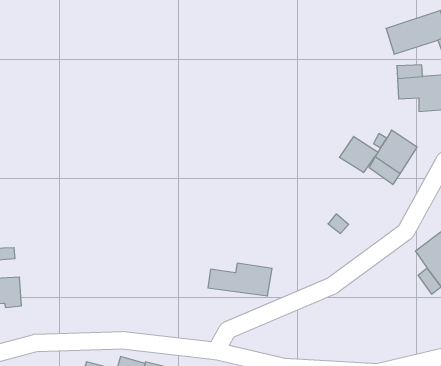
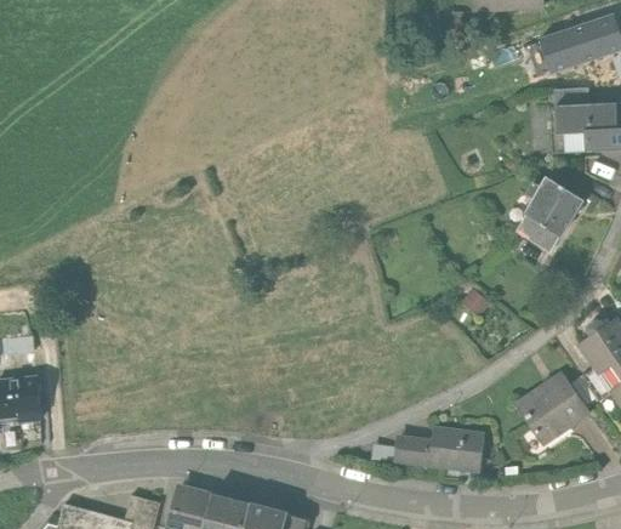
building: [339,136,378,173] -> none
building: [208,263,272,296] -> [397,426,484,471]
building: none -> [518,374,588,443]

